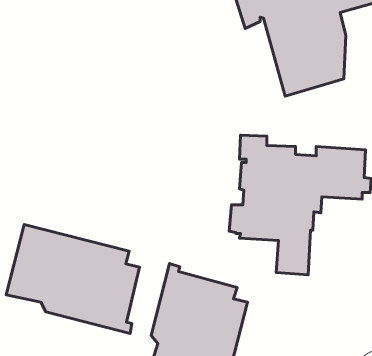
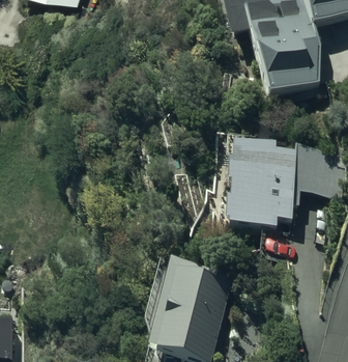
building: [6,224,139,334] -> none

